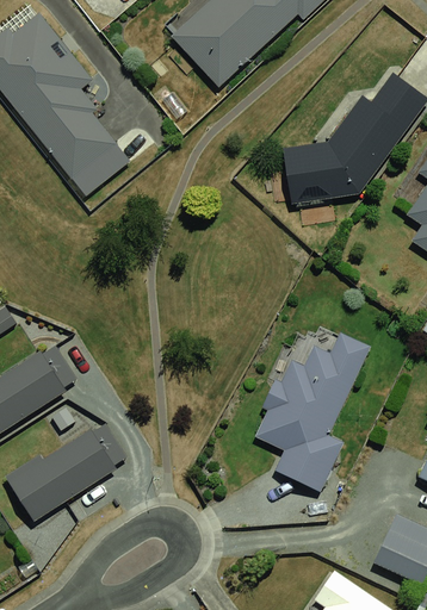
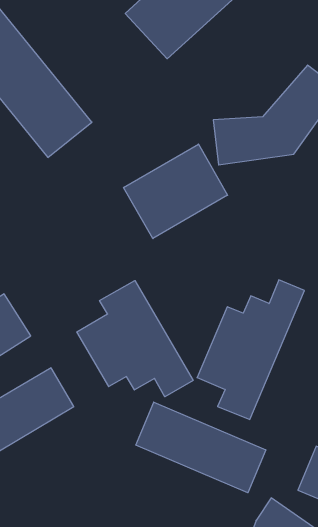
building: none -> [124,144,228,239]
building: none -> [77,281,193,397]
building: none -> [136,402,266,493]

